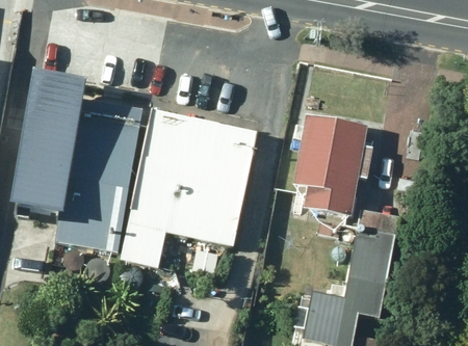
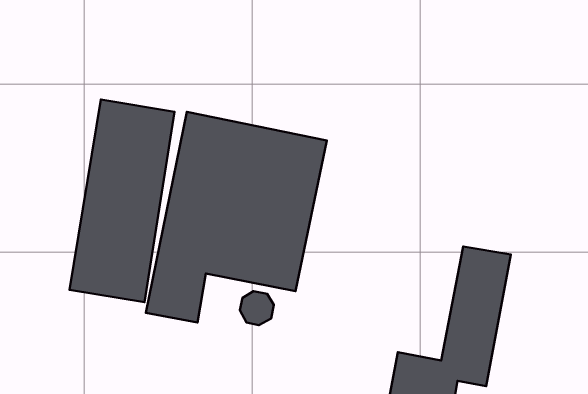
building: [11,77,86,214] -> none
building: [292,113,371,215] -> none

